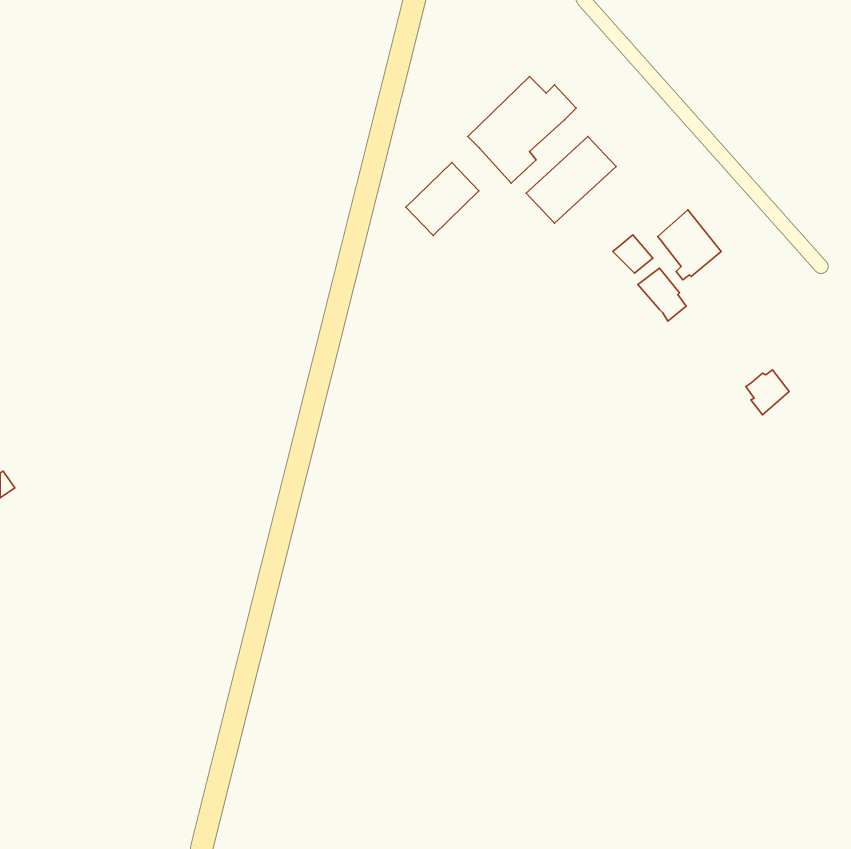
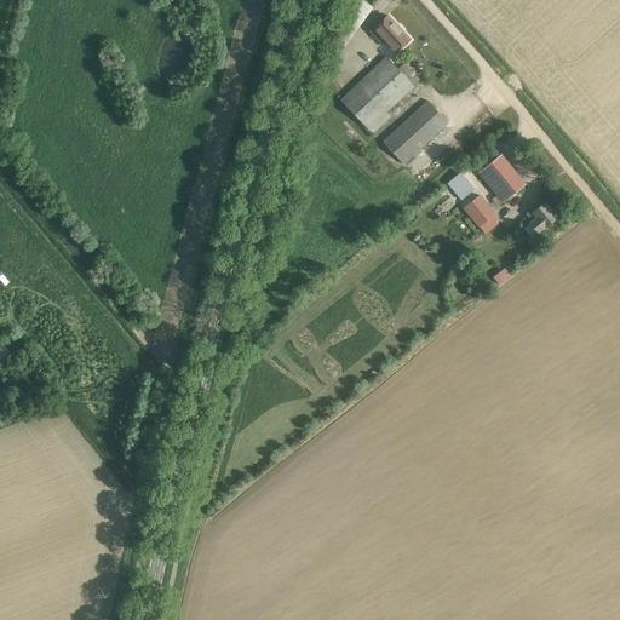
building: none -> [371,15,409,51]
building: [406,162,479,235] -> none
building: [746,370,789,415] -> [526,200,557,232]

